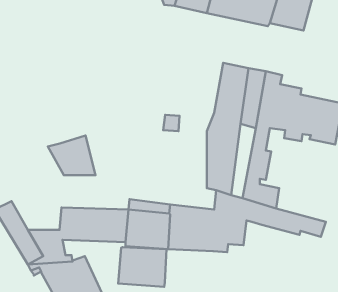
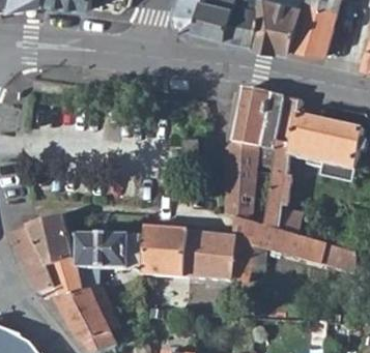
building: [48,135,96,175] -> [25,216,74,257]
building: [118,247,166,287] -> none

